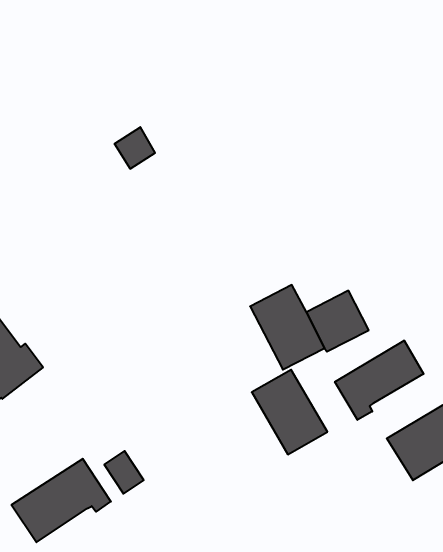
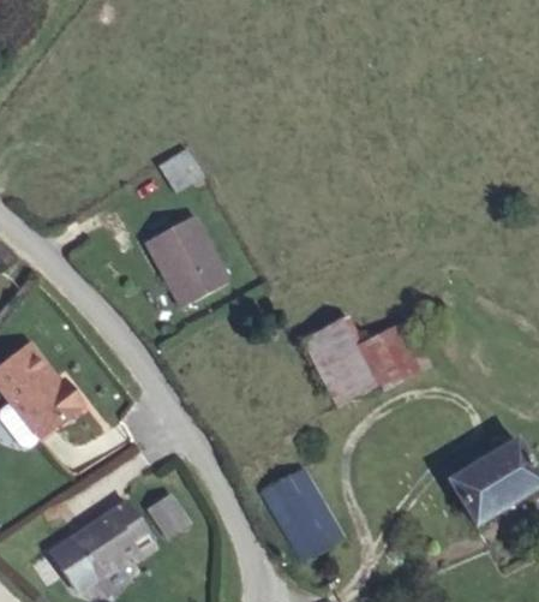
building: none -> [145,215,229,308]
building: [335,340,424,420] -> none
building: [252,370,327,454] -> [262,469,342,559]

